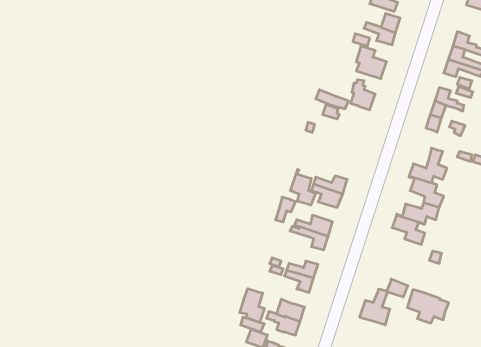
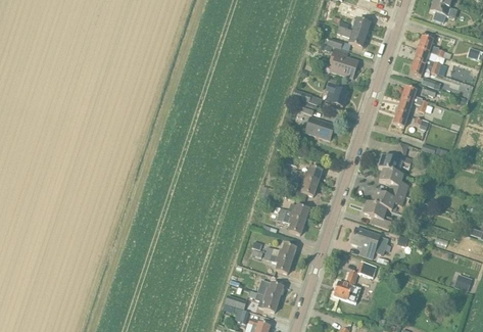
building: none -> [305,116,334,139]
building: [290,169,316,205] -> none
building: [240,289,264,322] -> none
building: [407,290,449,323] -> [350,227,388,257]

